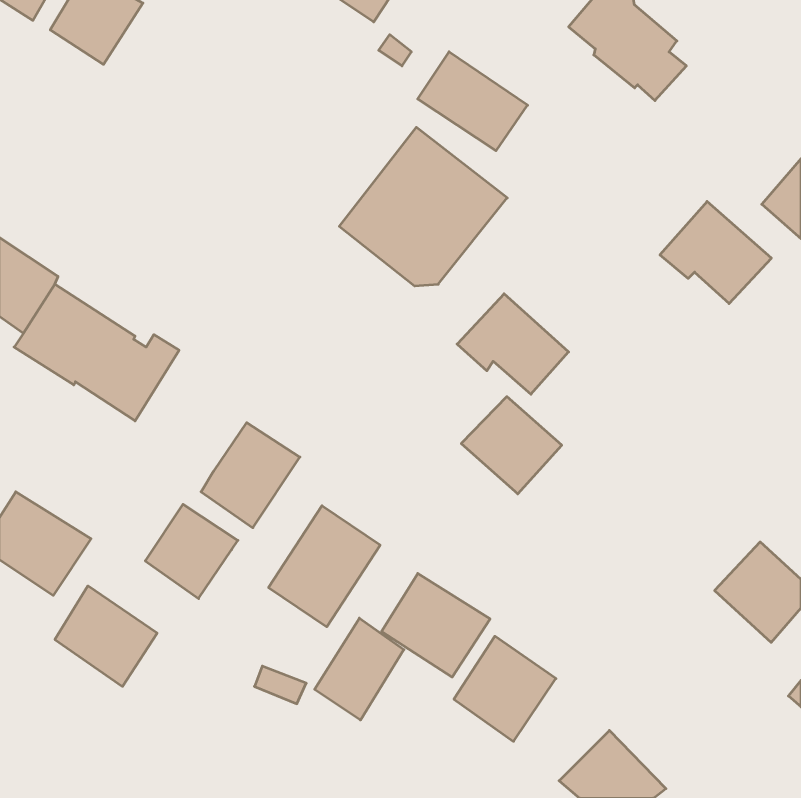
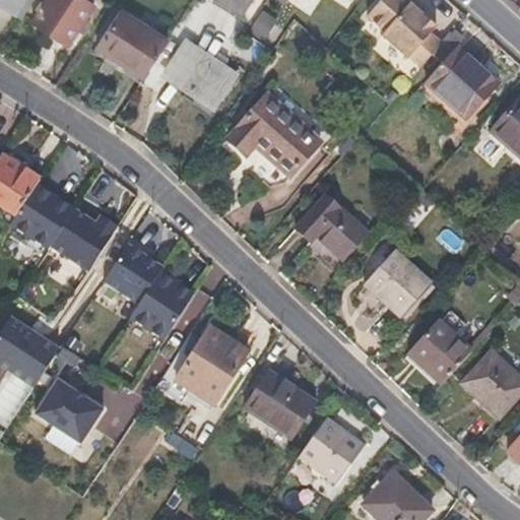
building: none -> [95,7,167,75]
building: [418,52,528,151] -> [165,41,236,105]
building: [660,201,771,304] -> [429,45,501,111]
building: [461,397,562,494] -> [366,249,431,312]
building: none -> [408,320,472,385]
building: [145,504,238,599] -> [104,244,164,305]
building: [315,618,404,720] -> none

